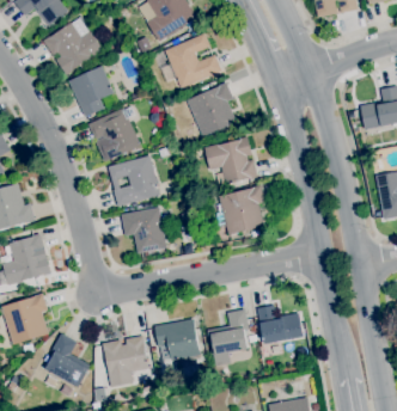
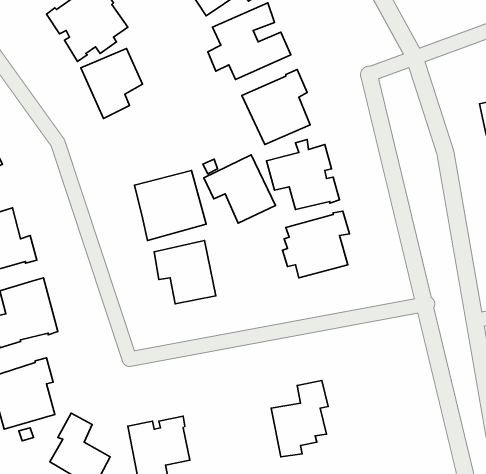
building: [88,108,141,158] -> [204,155,276,223]
building: [257,305,304,344] -> none
building: [154,319,201,361] -> none

